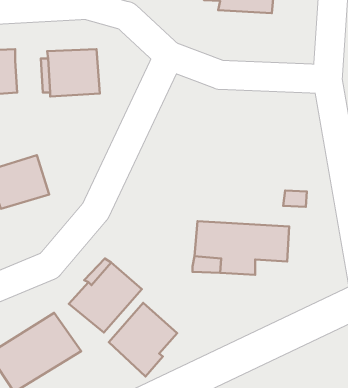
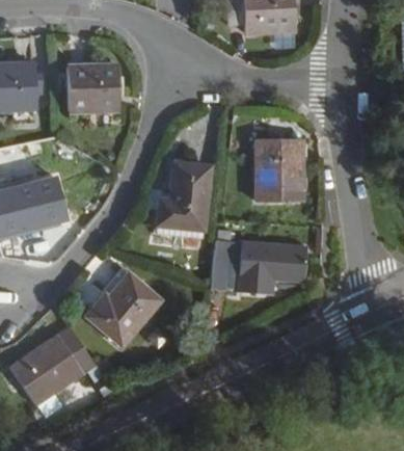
building: none -> [257,136,300,201]
building: none -> [156,164,210,239]
building: [109,303,177,376] -> none

